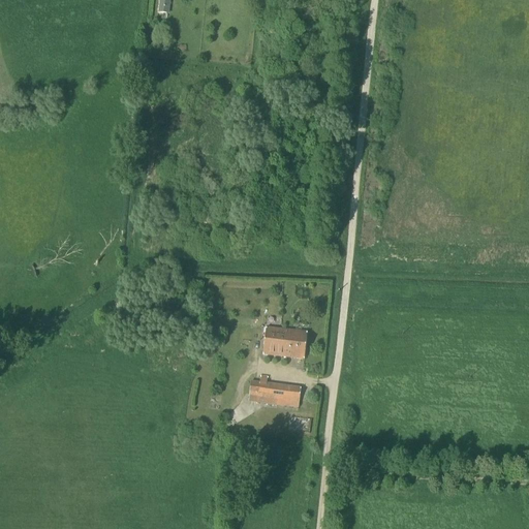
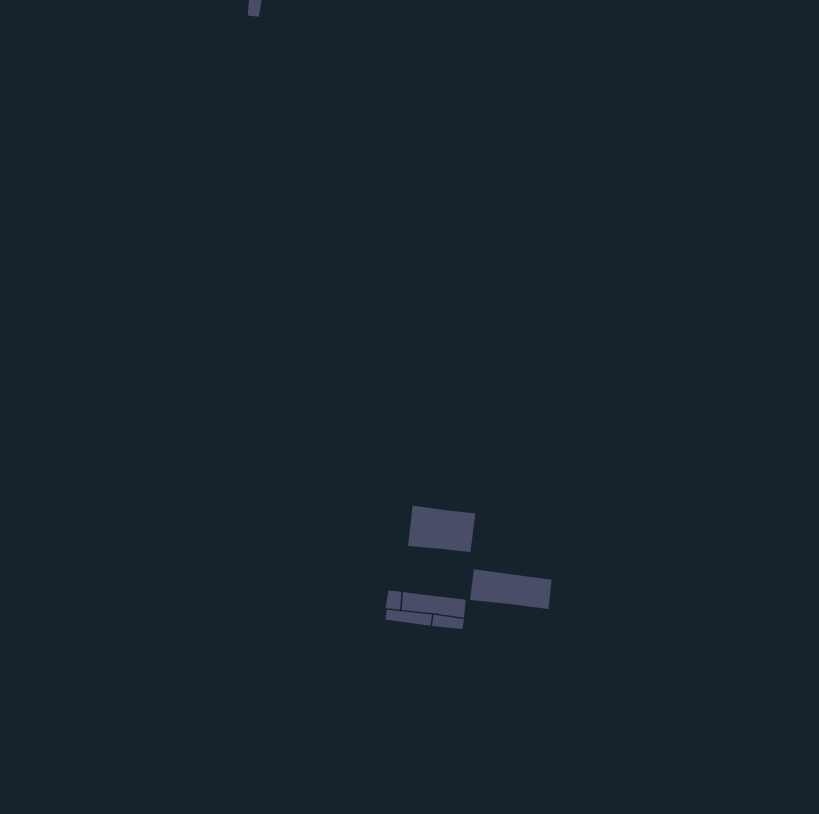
building: none -> [469,568,553,610]

